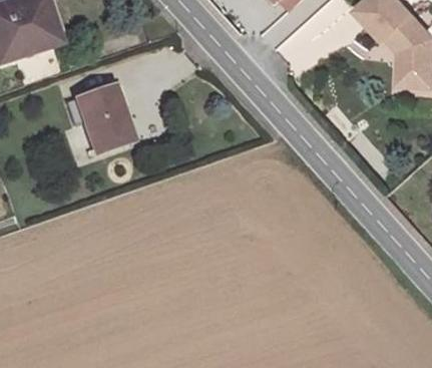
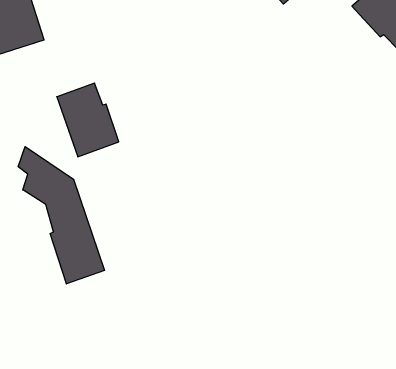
building: none -> [18,147,104,284]

